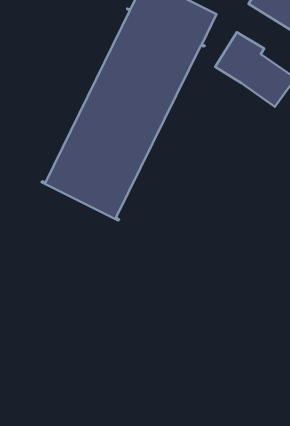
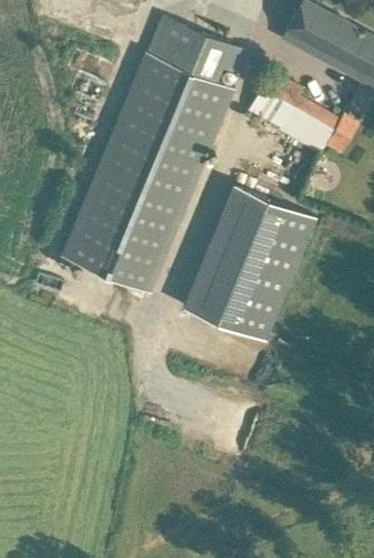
building: none -> [185,185,318,341]

